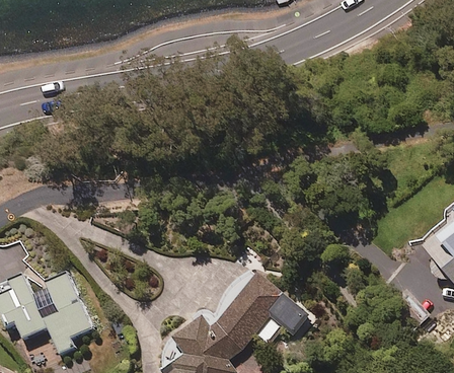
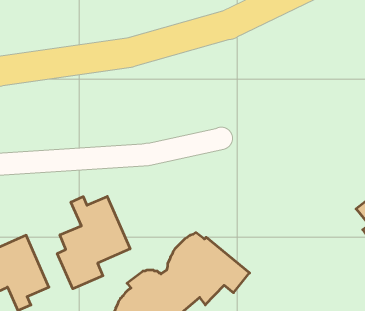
building: none -> [57,196,130,289]

